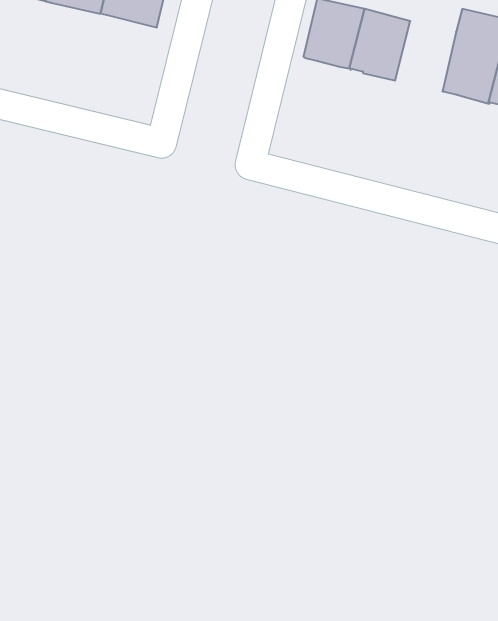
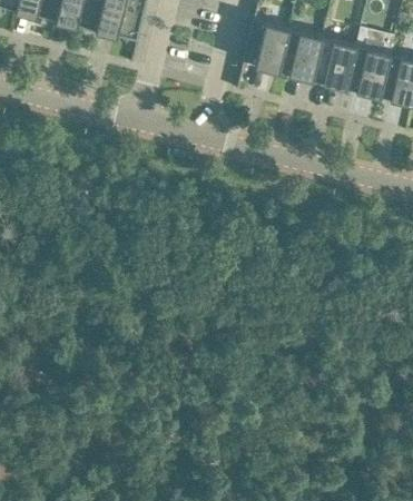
building: none -> [312,38,356,89]

